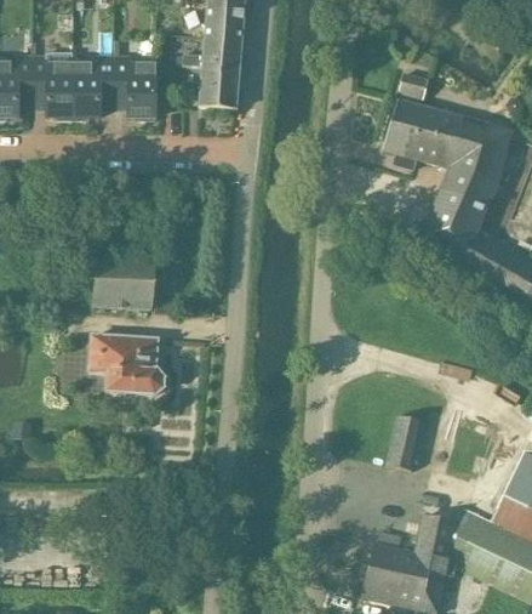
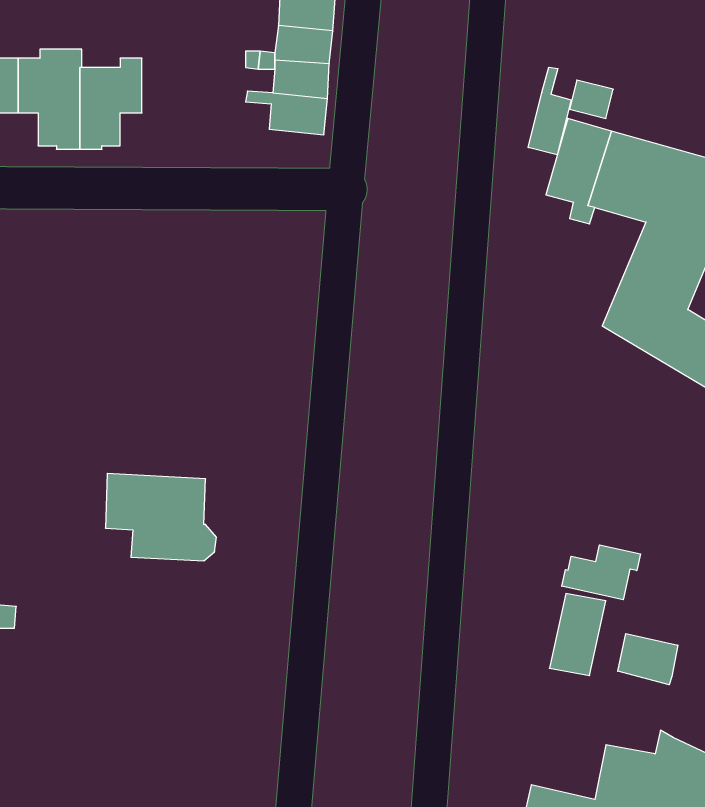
building: [114,58,155,120] -> none
building: none -> [528,67,571,155]
building: [93,256,154,308] -> none
building: none -> [562,545,640,600]
building: none -> [618,634,678,685]

